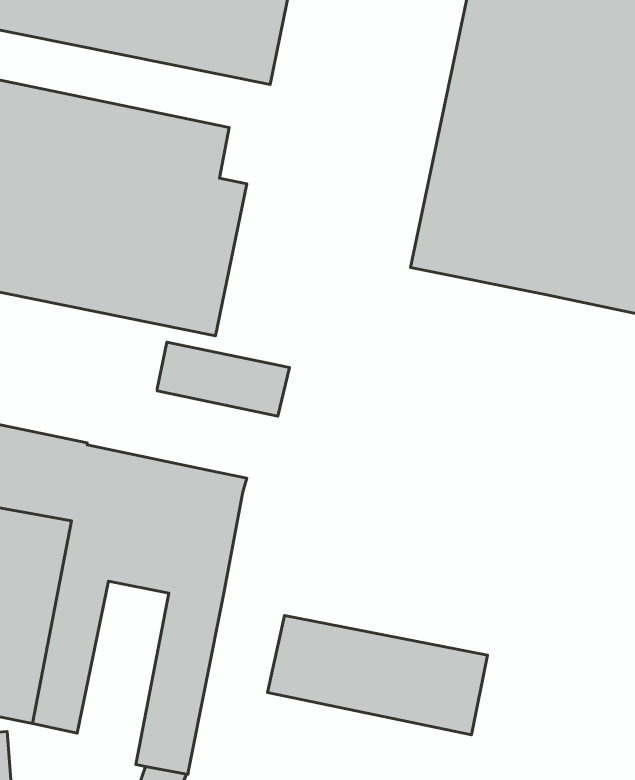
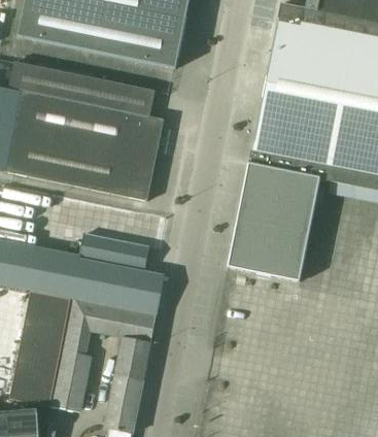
building: none -> [229,164,321,280]
building: [157,342,290,416] -> [78,232,148,271]
building: [268,615,487,735] -> none

